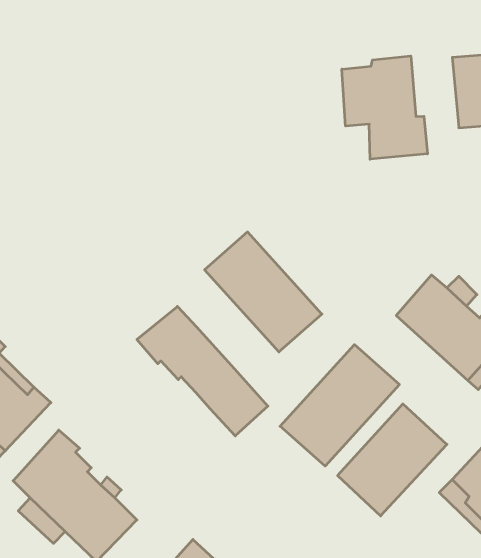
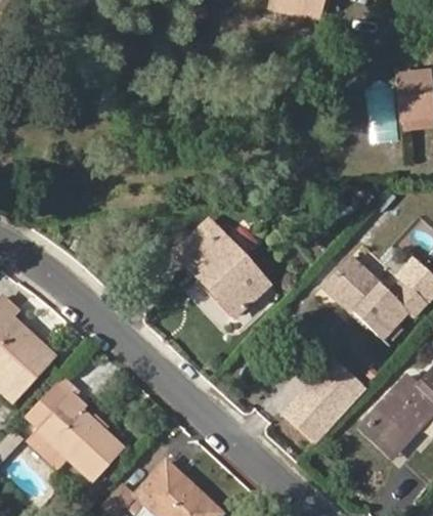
building: [342,56,427,159] -> none
building: [137,306,268,436] -> none
building: [280,345,399,466] -> none

